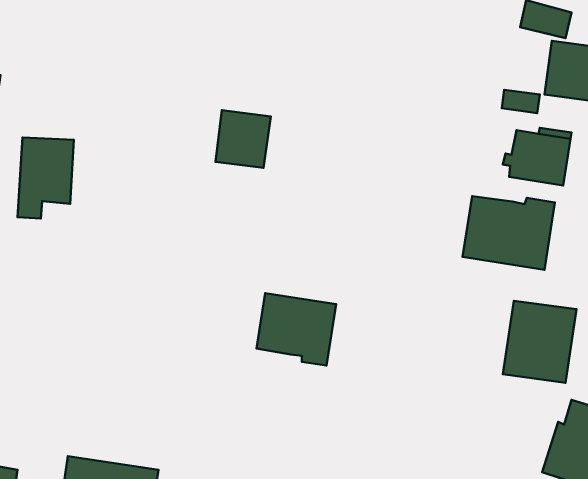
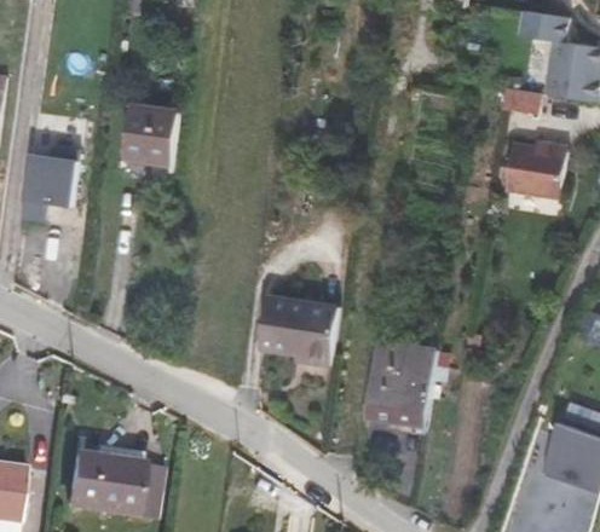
building: [216,110,271,168] -> [122,108,177,164]
building: [463,196,555,270] -> none
building: [503,301,576,383] -> [364,342,437,423]

